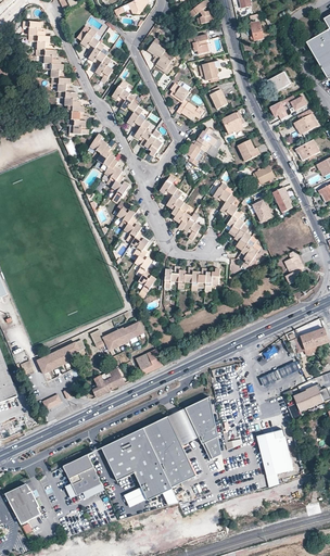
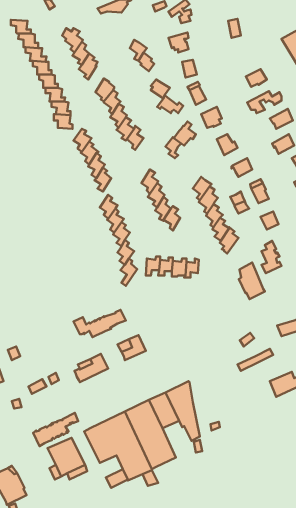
building: none -> [239,263,265,299]
building: [37,340,84,375] -> [33,413,78,446]
building: [257,430,293,476] -> none

